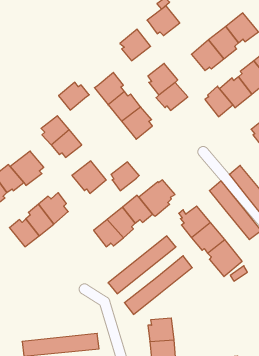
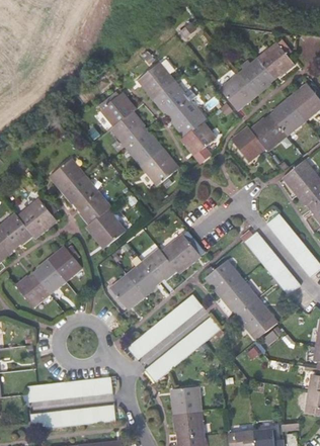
building: [147,6,180,36] -> [153,82,189,115]
building: [59,82,89,110] -> [101,95,136,126]
building: [111,162,139,191] -> [79,192,110,225]
building: none -> [27,375,113,400]

